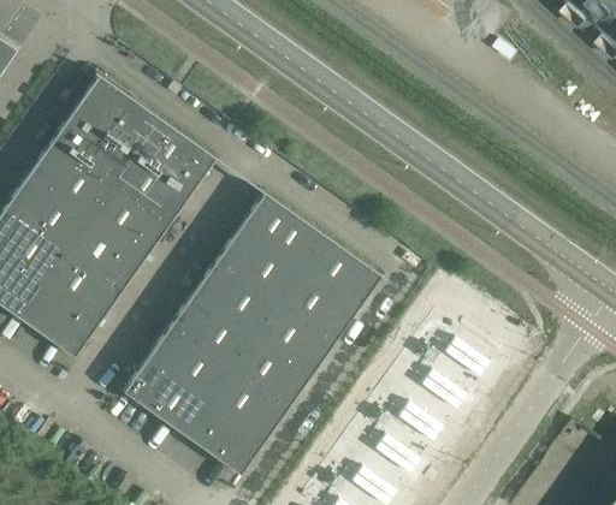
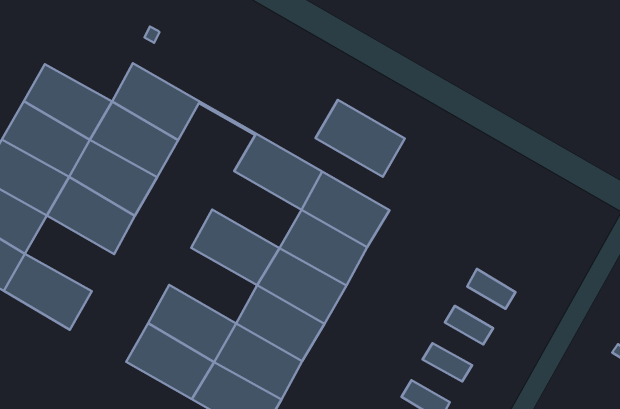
building: [75,76,156,150] -> none
building: [217,226,300,302] -> [316,100,405,177]
building: [38,250,122,325] -> none
building: [170,293,251,368] -> none

